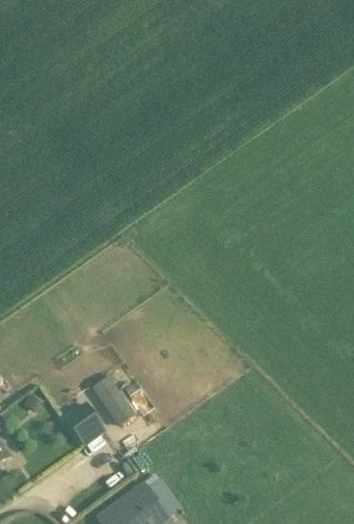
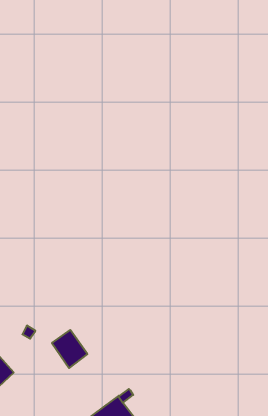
building: [96,383,134,426] -> none

